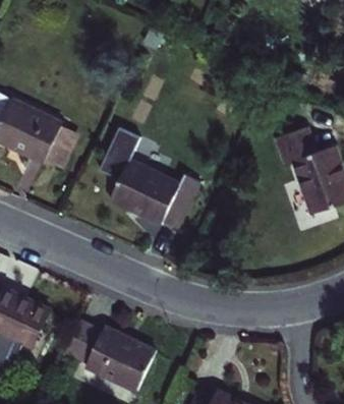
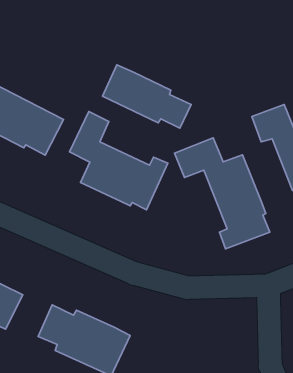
building: none -> [102,65,191,128]
building: none -> [174,138,270,249]

